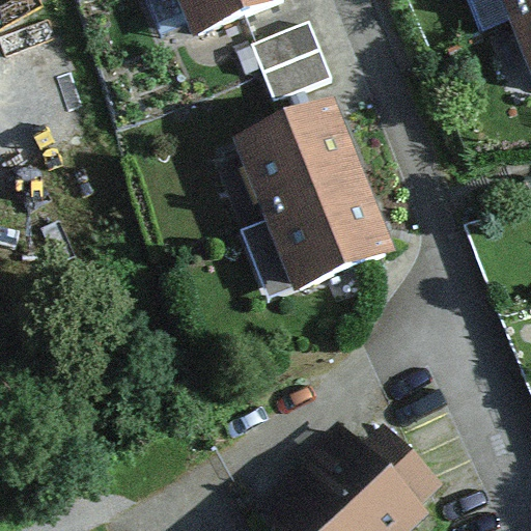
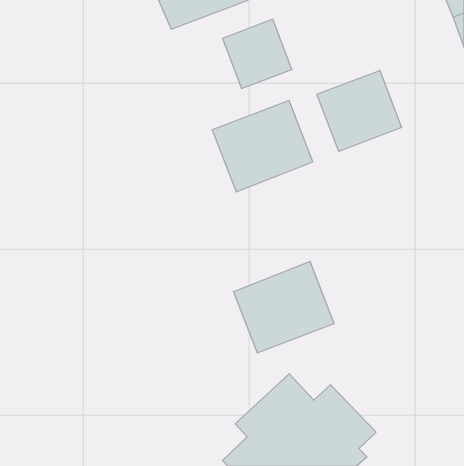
building: none -> [317,70,402,152]
building: [268,184,382,287] -> [233,262,334,353]

